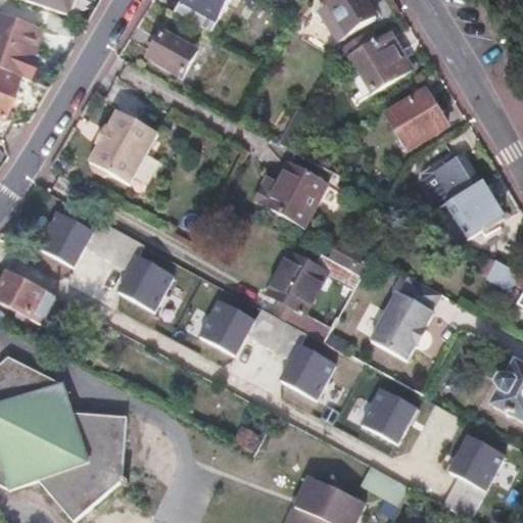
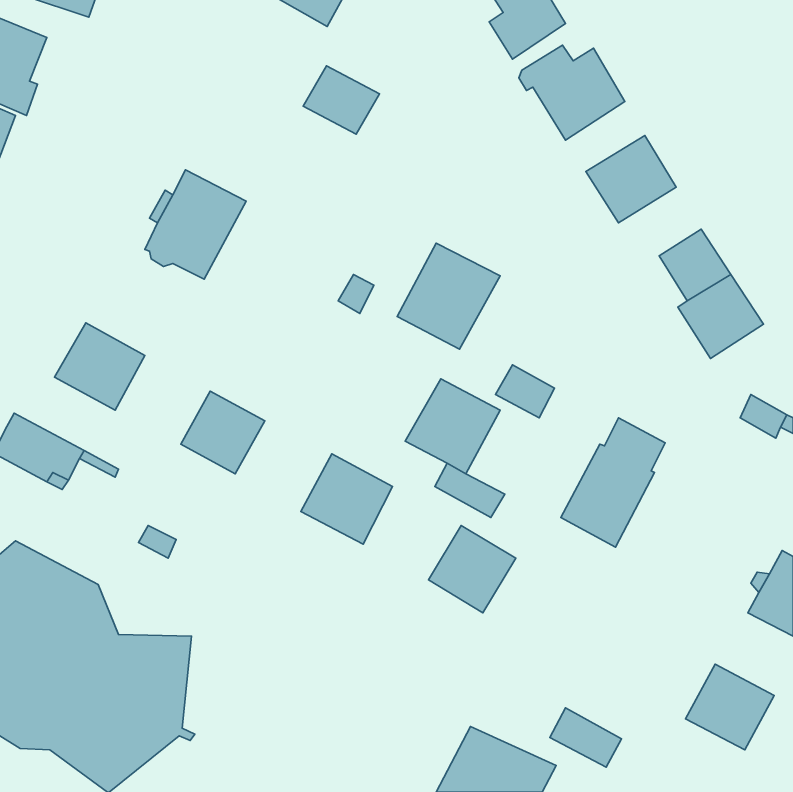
building: [146,30,196,75] -> [303,66,380,134]
building: [359,387,420,446] -> none

